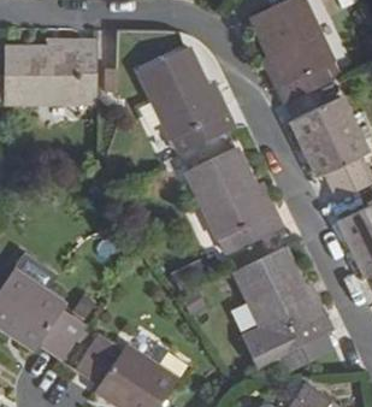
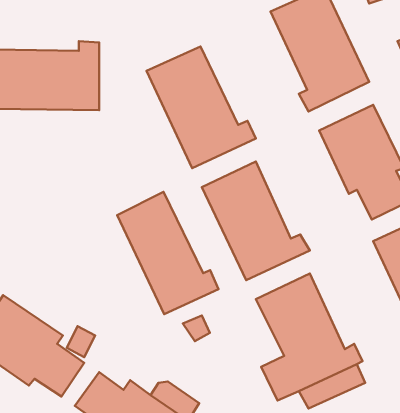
building: none -> [117,192,218,314]

